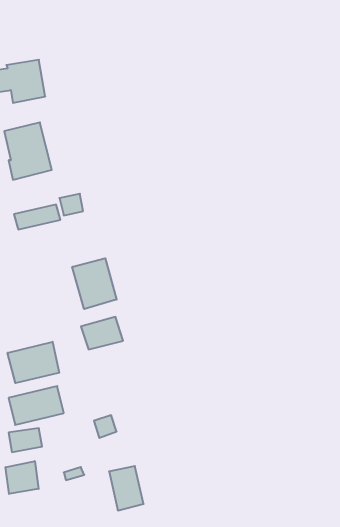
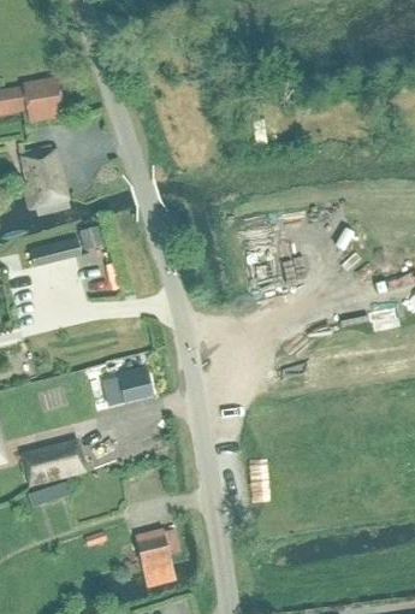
building: [72,258,117,309] -> none
building: [8,342,59,383] -> none
building: [6,461,39,494] -> none

